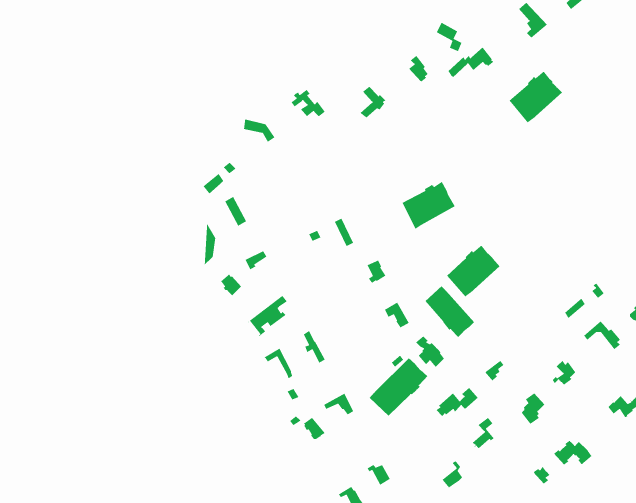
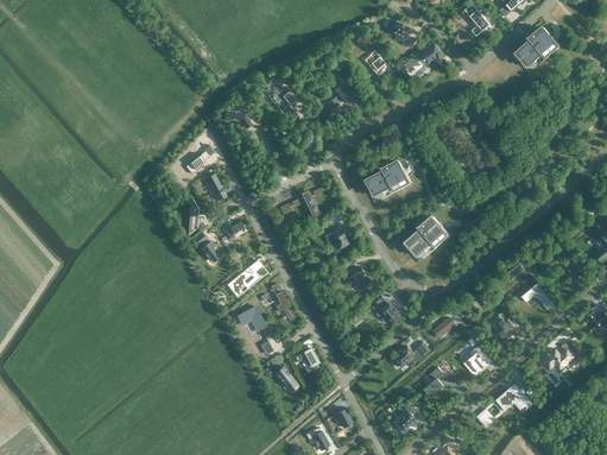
building: [509,71,563,124] -> [511,26,558,72]
building: [425,285,475,338] -> none
building: [369,357,428,417] -> none

